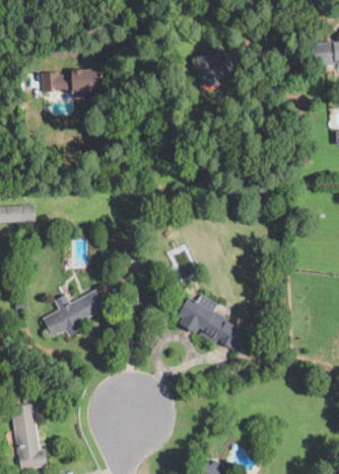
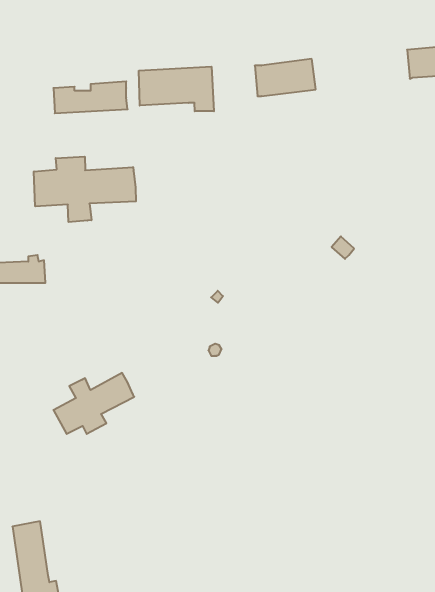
building: none -> [139,67,214,111]
building: none -> [34,157,136,222]
building: [179,294,245,350] -> none

